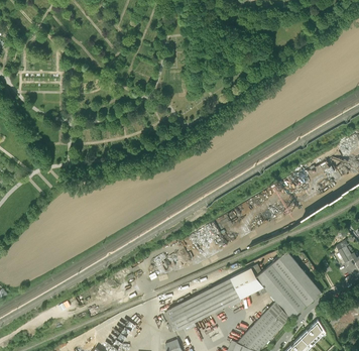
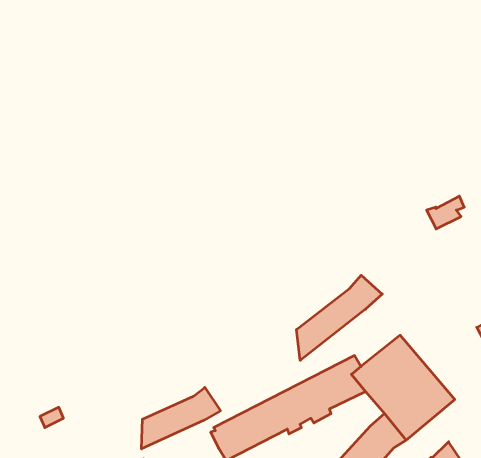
building: none -> [297,275,382,360]
building: none -> [142,387,220,449]

